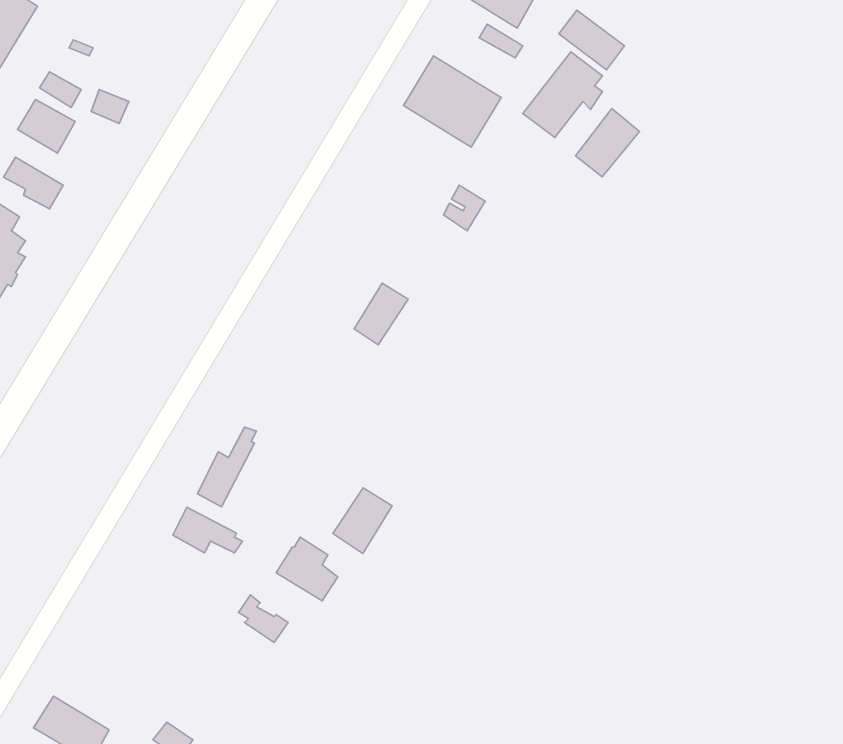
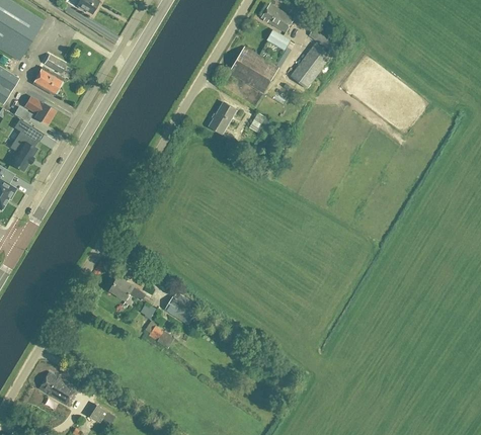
building: [575,109,639,177] -> none
building: [354,283,408,345] -> [209,103,236,135]
building: [197,427,256,507] -> none
building: [333,488,392,554] -> none

